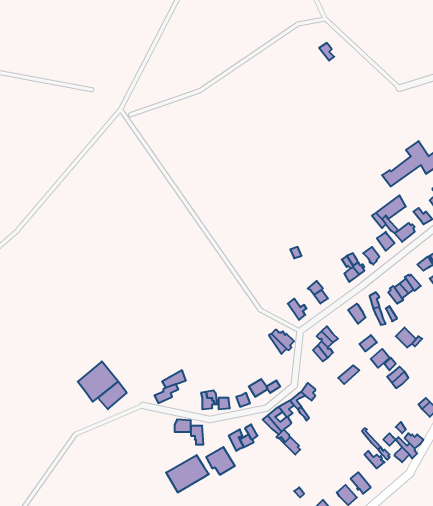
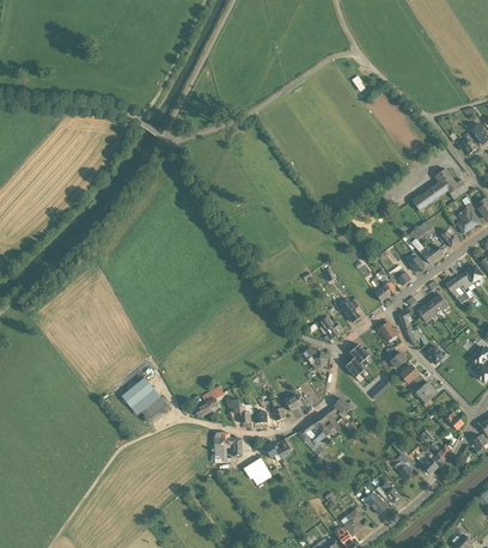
building: [166,455,209,493] -> none

